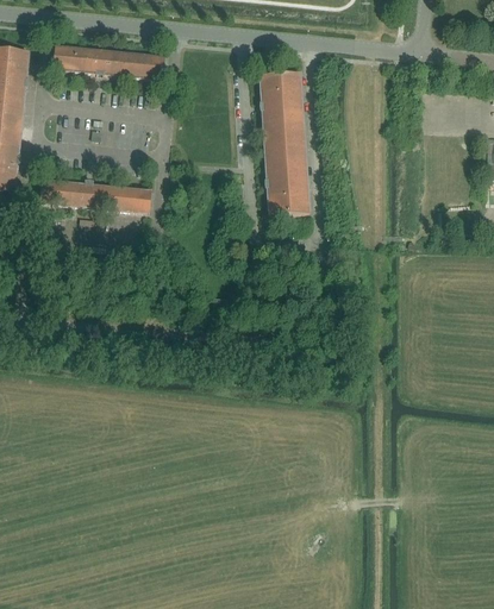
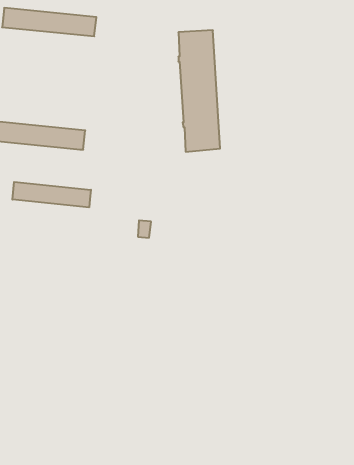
building: none -> [12,182,91,207]

